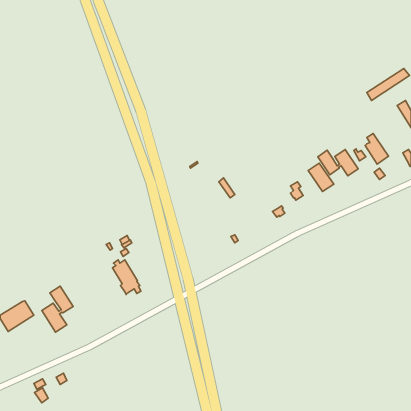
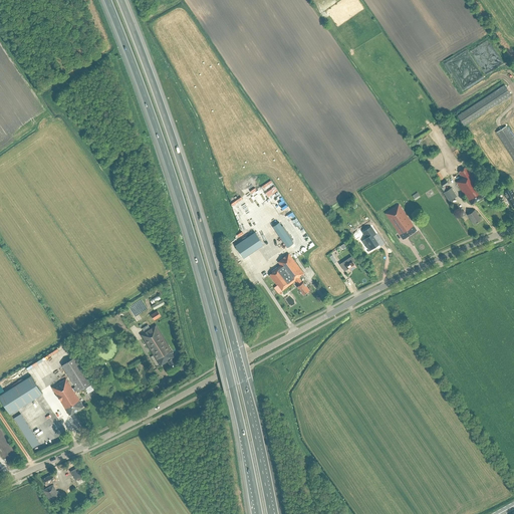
building: [318,150,358,176] -> none
building: none -> [235,232,263,258]
building: none -> [269,253,309,294]

